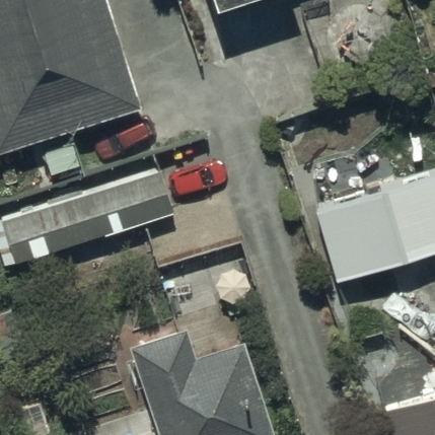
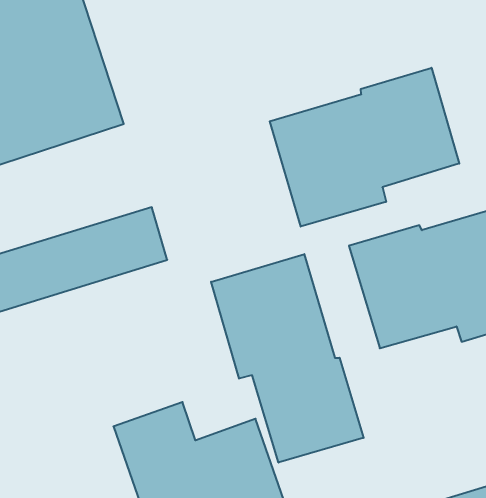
building: none -> [270,68,459,227]
building: none -> [211,254,364,463]

